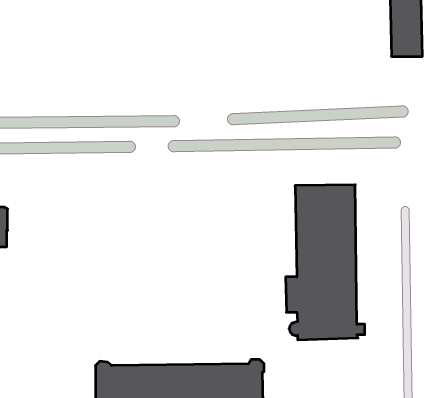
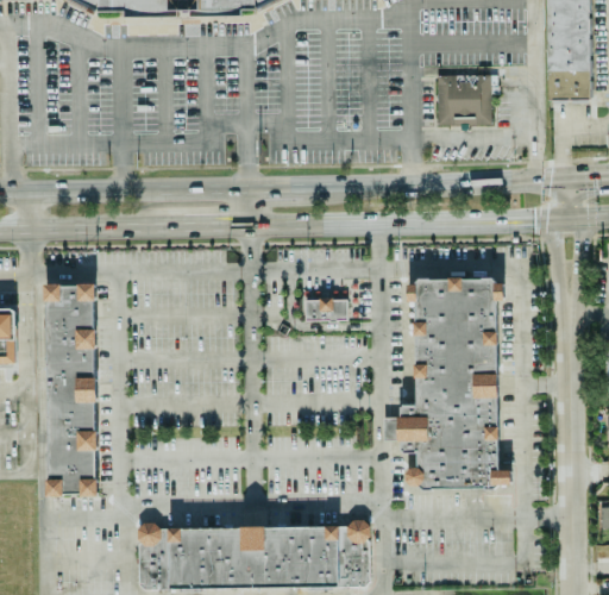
building: none -> [437,73,491,121]
building: none -> [46,283,96,490]
building: none -> [306,296,349,319]

